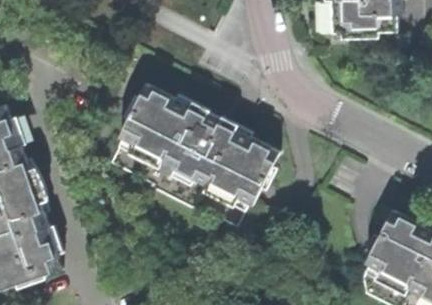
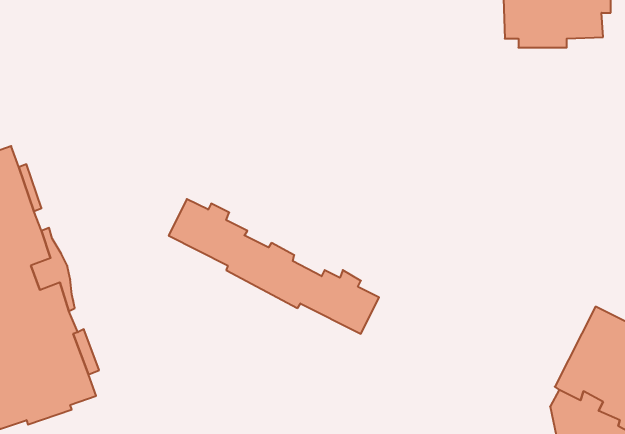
building: [120,81,281,203] -> none

